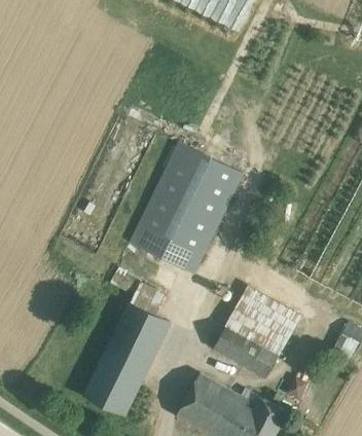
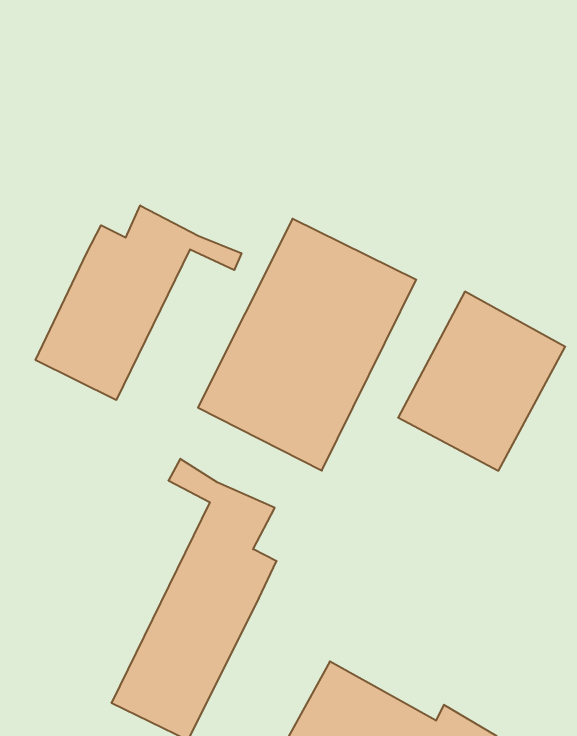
building: none -> [36,205,241,400]
building: [211,285,298,378] -> [398,292,565,471]

